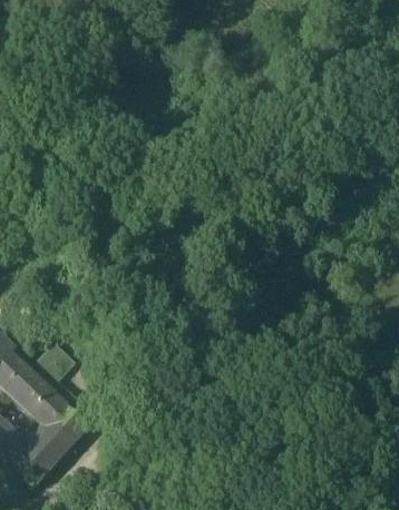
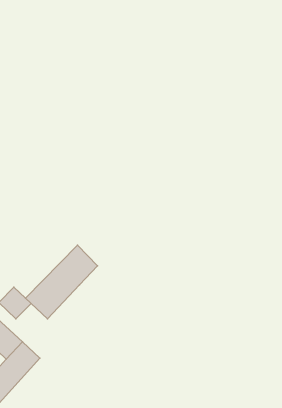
building: none -> [26,245,97,319]

